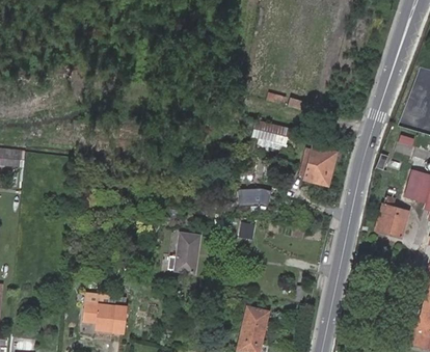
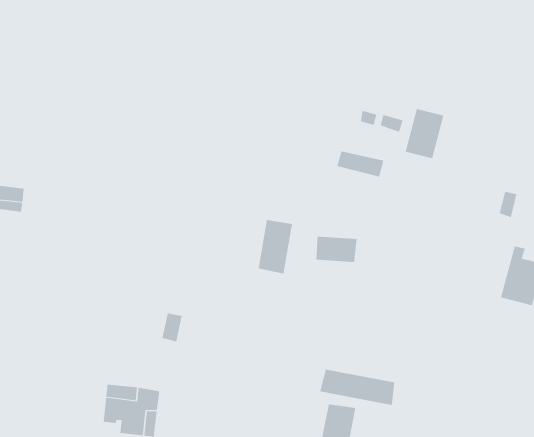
building: [307,146,337,184] -> [405,109,444,159]
building: [174,233,200,273] -> [258,220,293,274]
building: none -> [320,369,395,406]

